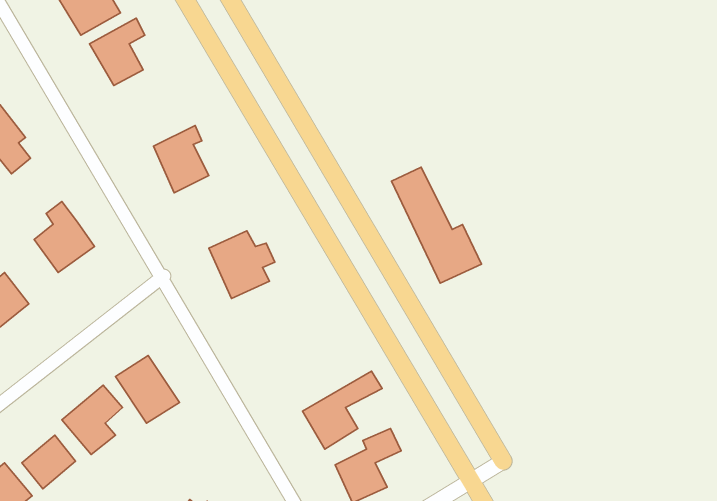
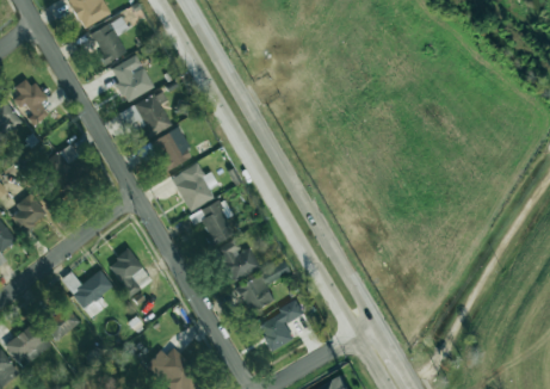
building: none -> [110,54,154,101]
building: [392,167,482,283] -> [198,200,260,280]
building: none -> [152,128,193,171]

